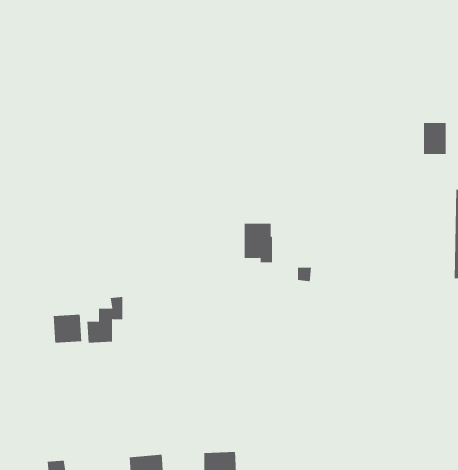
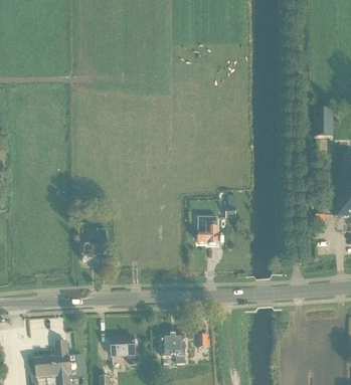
building: [244,223,273,263] -> [196,216,216,243]
building: [53,314,82,343] -> none

